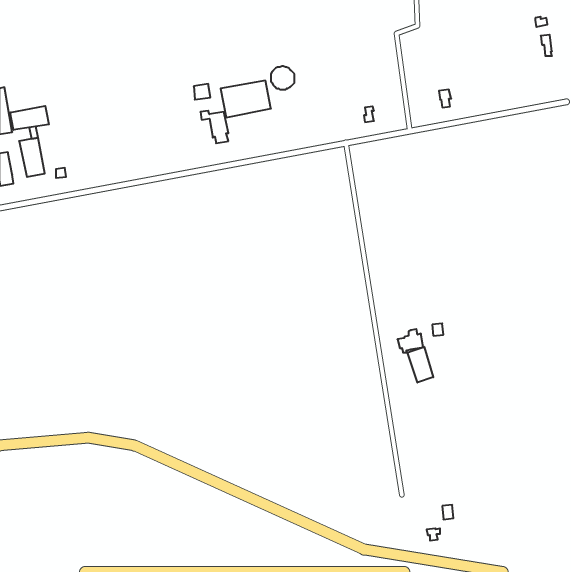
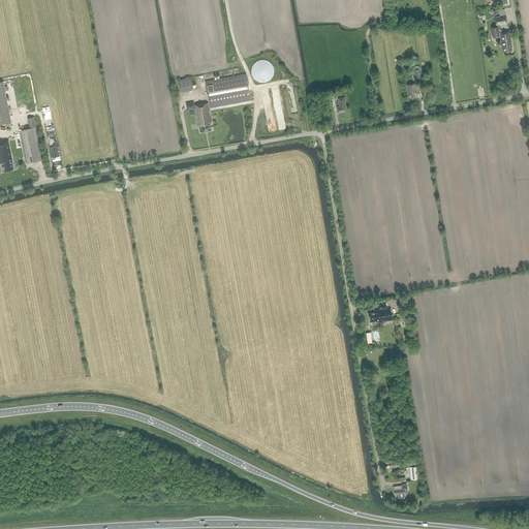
building: [10,106,49,130] -> none
building: [407,347,433,383] -> none

